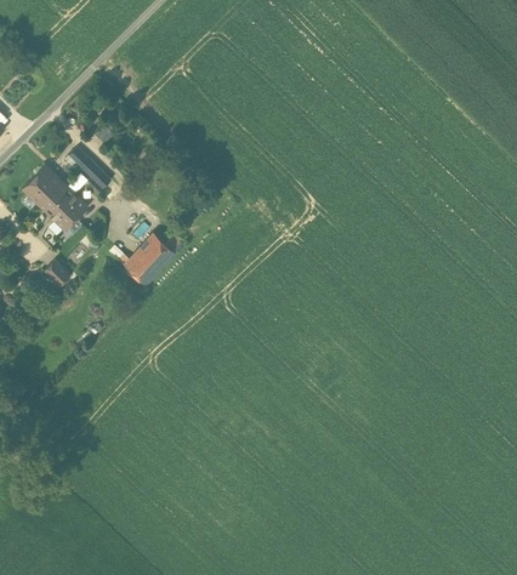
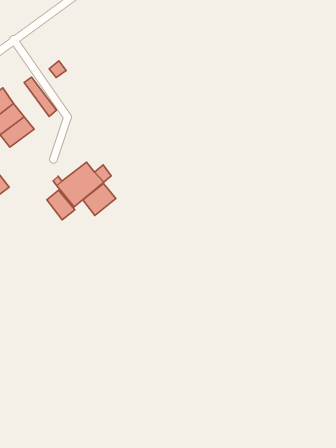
building: none -> [83,184,116,216]
building: none -> [47,190,75,220]

